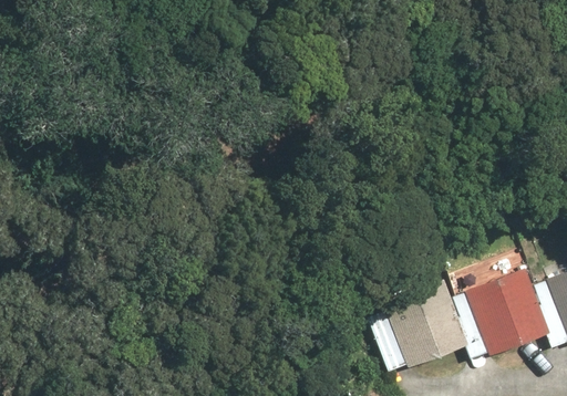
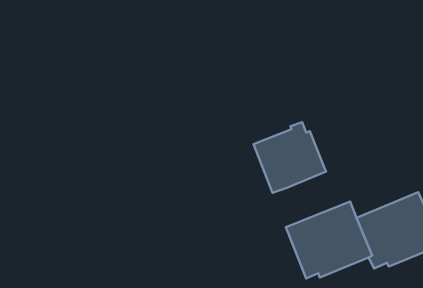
building: none -> [254,122,326,193]

